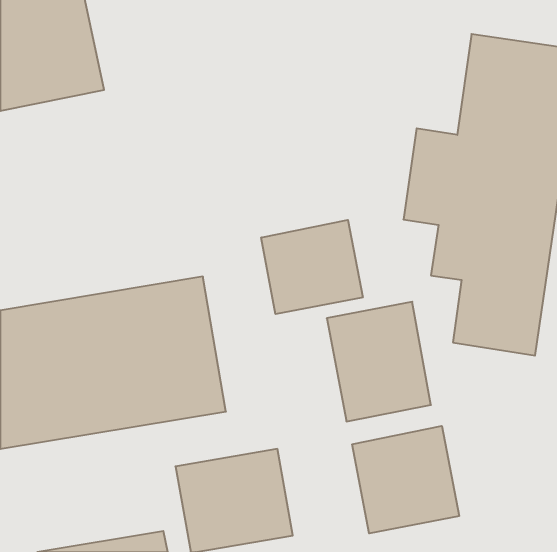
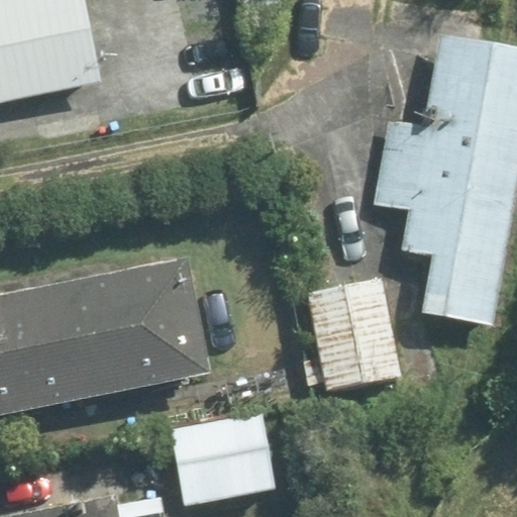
building: [261,220,363,314] -> none
building: [352,426,459,533] -> none

